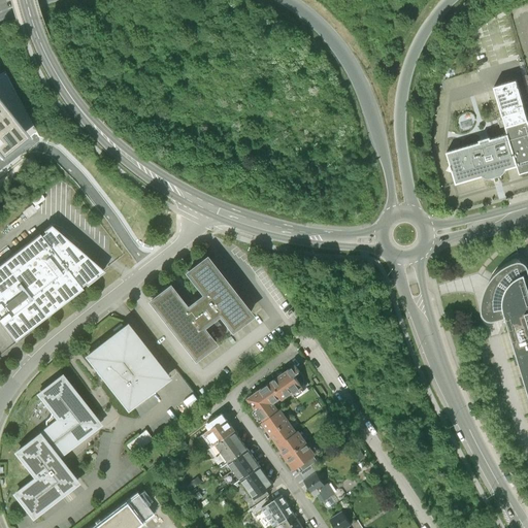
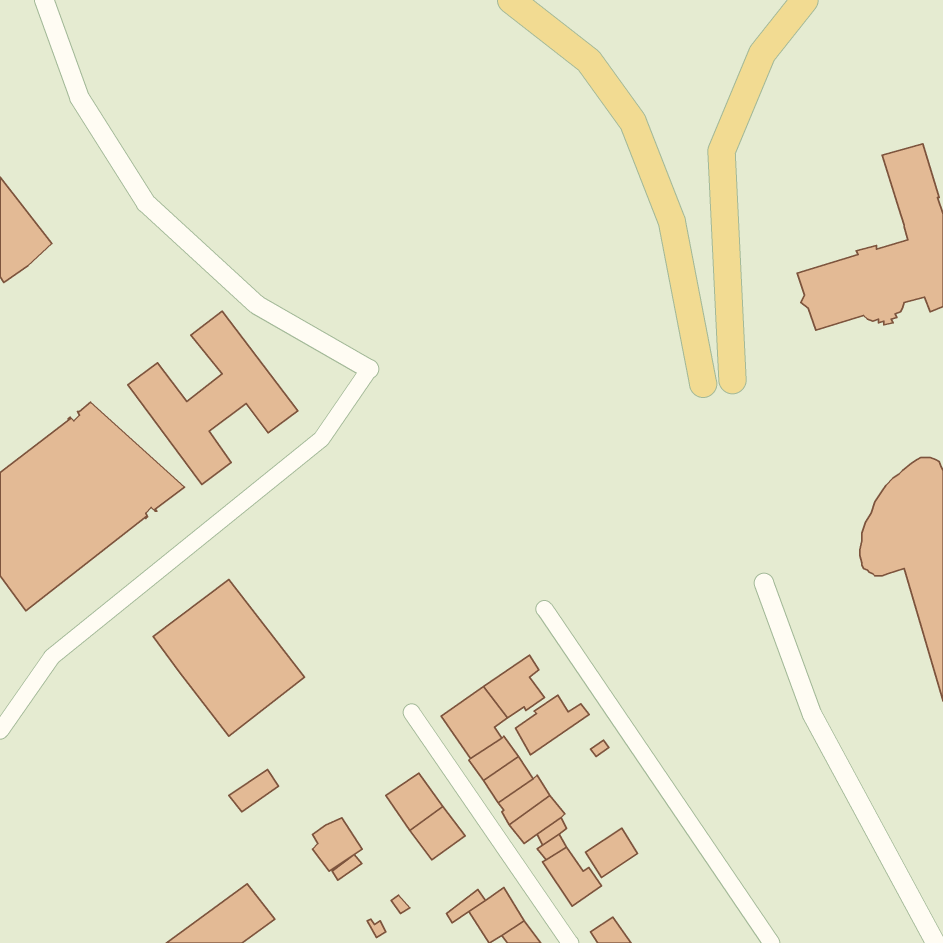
building: [154,260,249,357] -> [128,311,298,485]
building: [15,374,101,517] -> none
building: none -> [515,695,589,755]
building: [206,415,234,444] -> [312,818,362,871]
building: none -> [586,828,638,877]
building: [241,467,272,499] -> none

